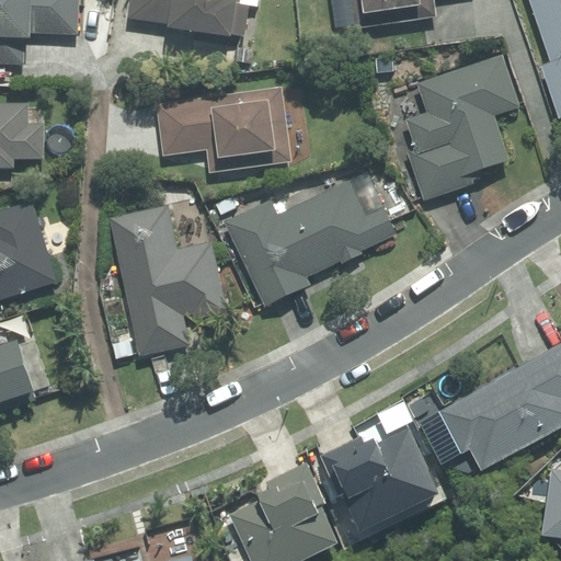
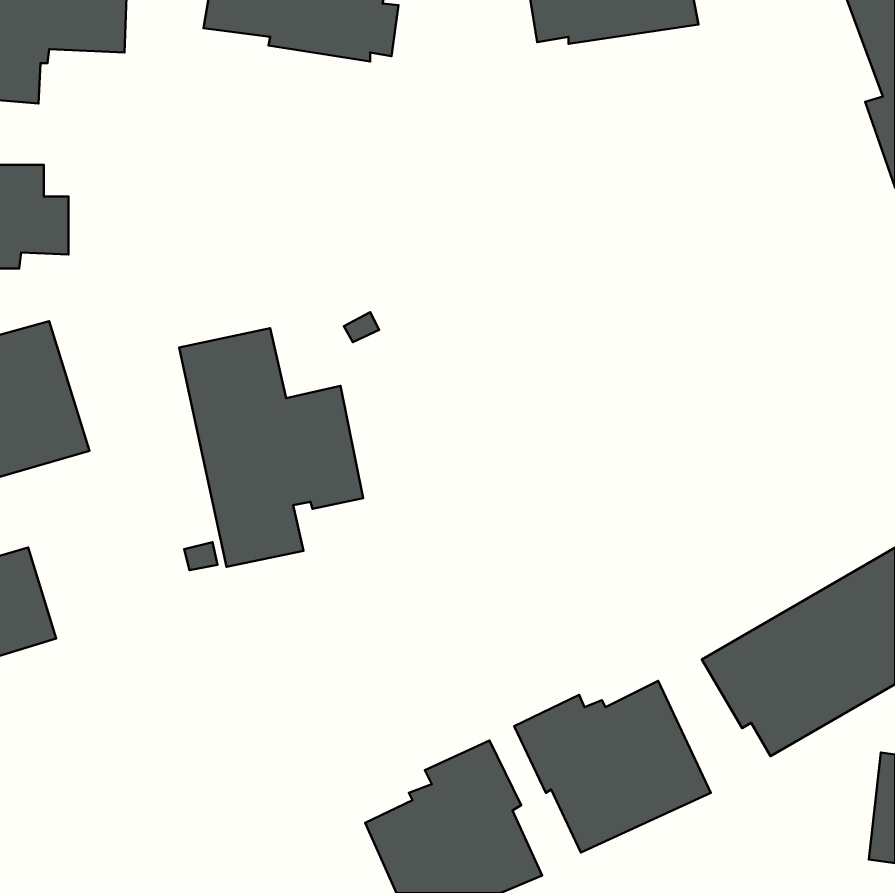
building: [405,54,519,198] -> none
building: [156,87,291,171] -> none
building: [224,180,396,306] -> none

